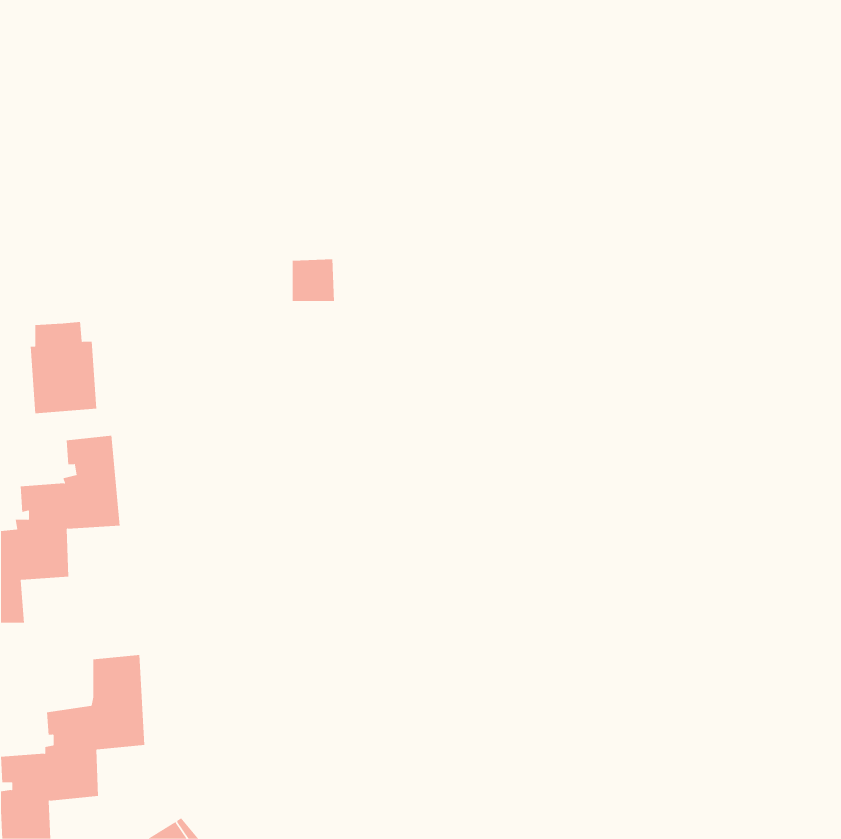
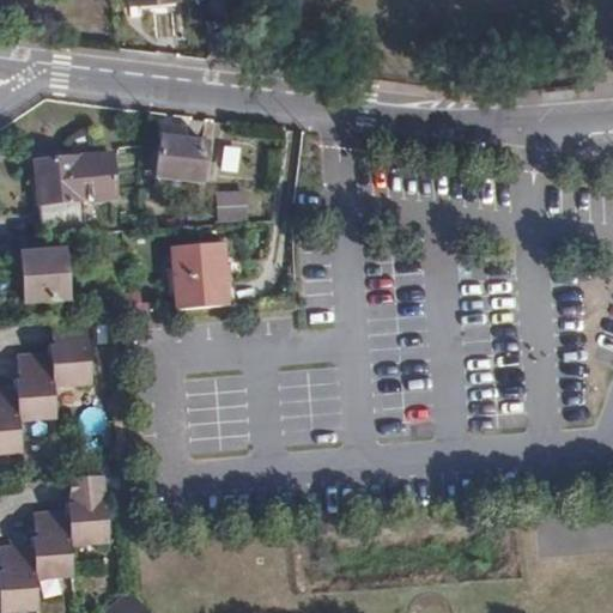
building: none -> [154,136,206,182]
building: none -> [35,152,115,235]
building: none -> [171,243,225,309]

